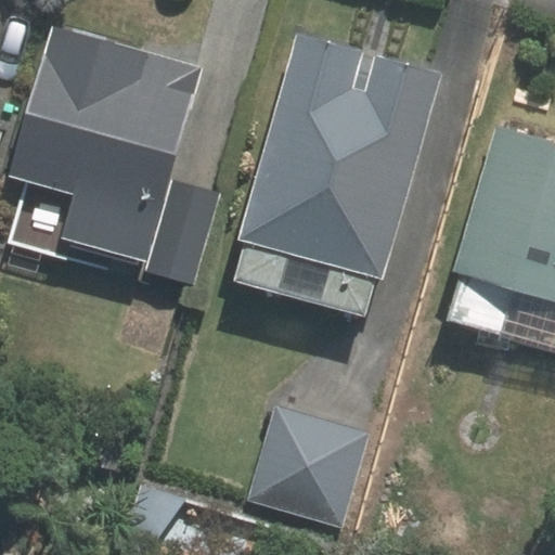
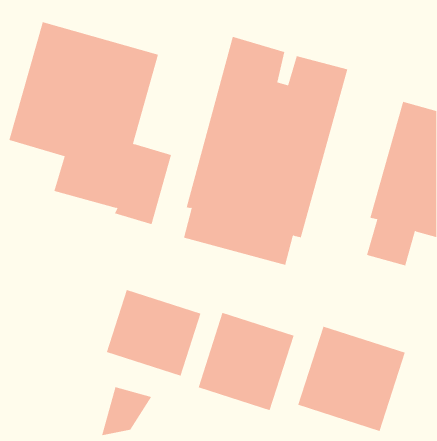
building: none -> [106,289,201,377]
building: none -> [298,326,406,432]

